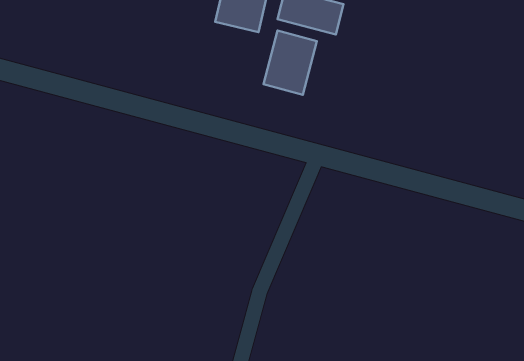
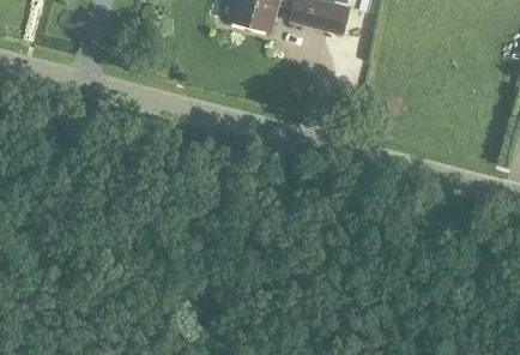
building: [264,31,317,95] -> none

